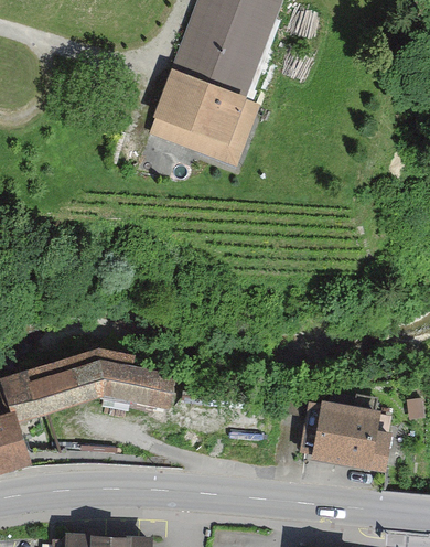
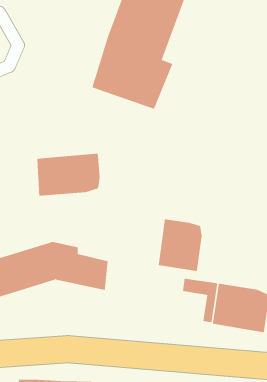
building: none -> [37,153,100,197]
building: none -> [158,218,202,272]

